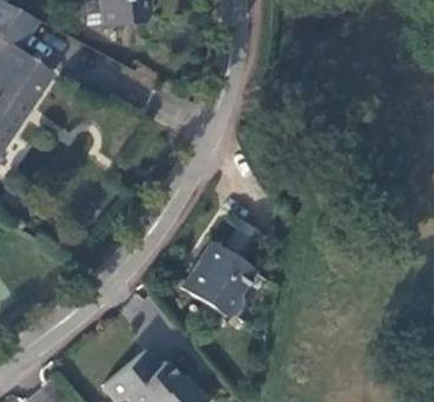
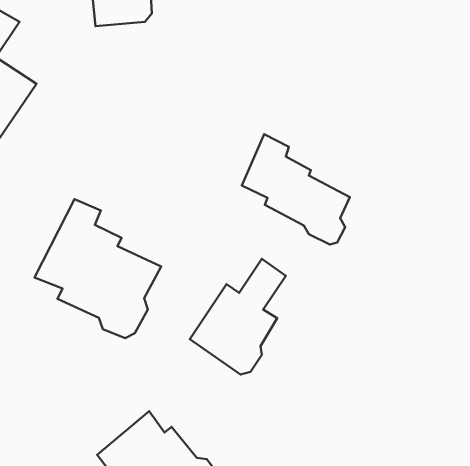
building: none -> [242,134,350,244]
building: none -> [35,199,161,338]

